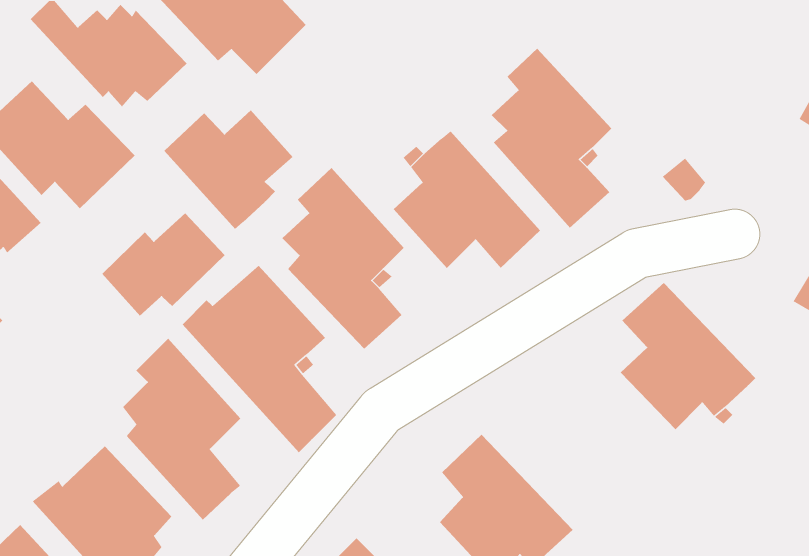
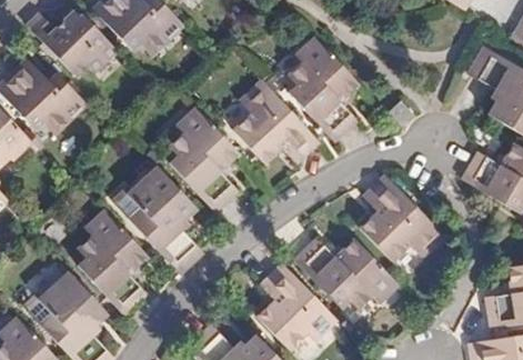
building: [164,109,294,230] -> none
building: [101,213,225,316] -> none
building: none -> [298,239,400,310]

